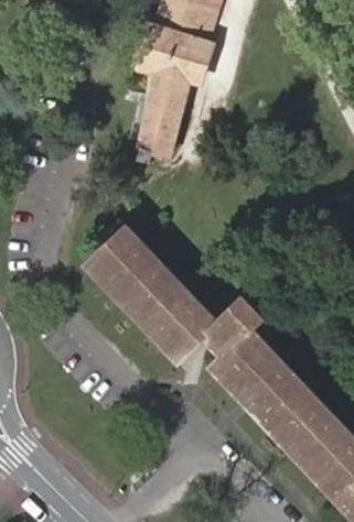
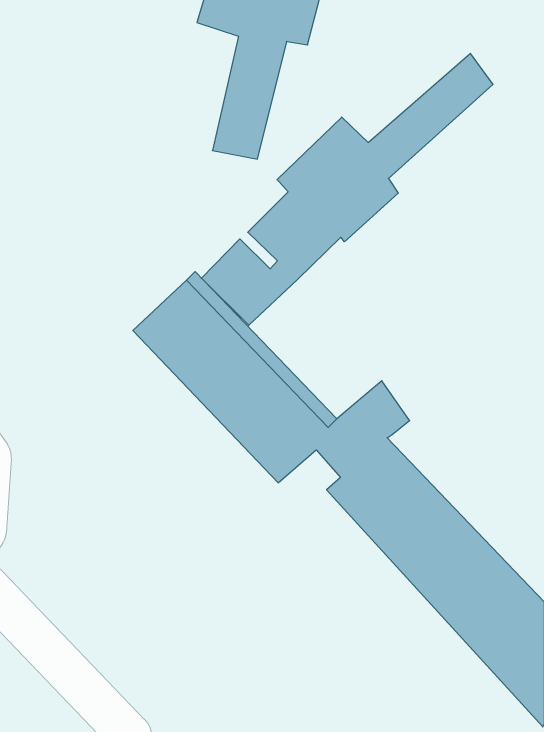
building: none -> [201,53,493,325]

